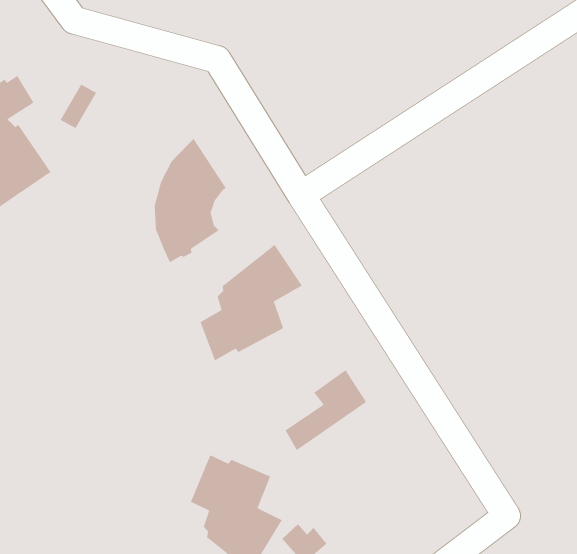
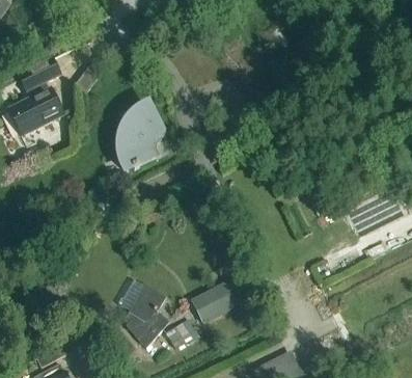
building: [200,244,303,362] -> none
building: [284,369,367,451] -> [196,282,244,324]

